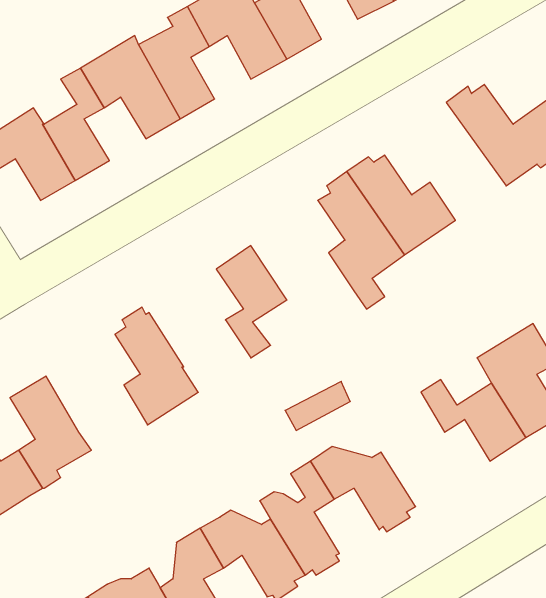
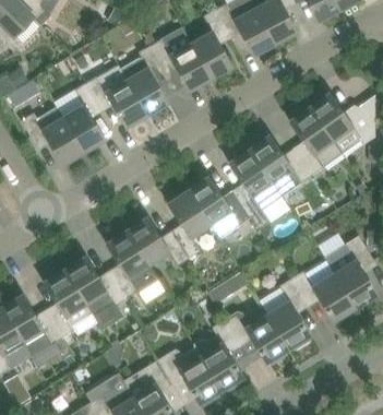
building: none -> [290,105,343,176]
building: none -> [189,178,251,238]
building: none -> [128,218,189,266]
building: none -> [65,258,127,316]
building: none -> [267,280,310,349]

